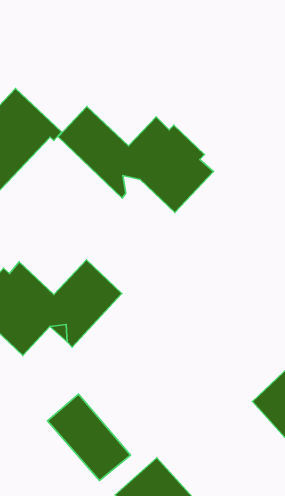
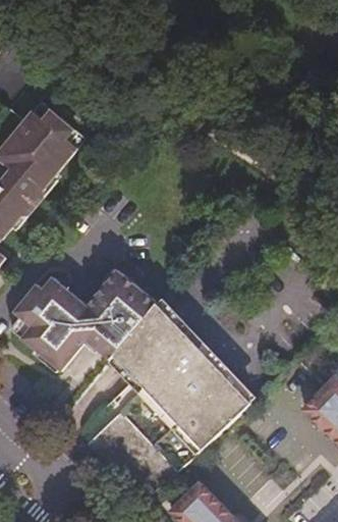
building: [58,107,213,212] -> none
building: none -> [113,305,250,451]

